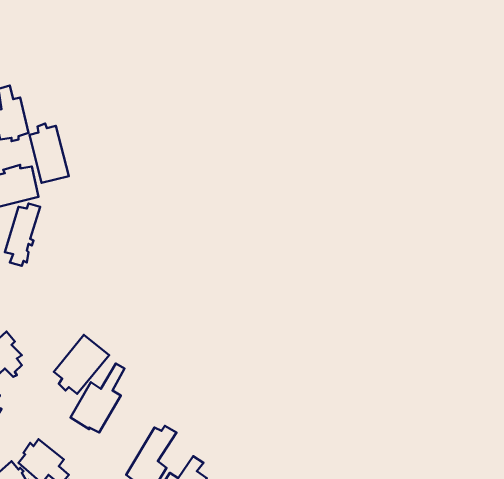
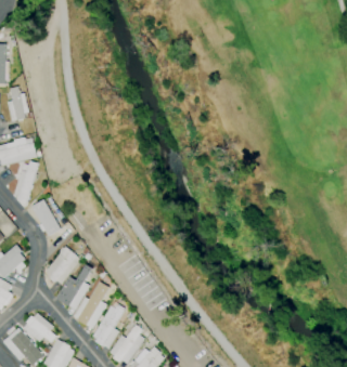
building: [30,123,69,183] -> none
building: none -> [31,199,60,236]
building: none -> [73,280,108,328]

